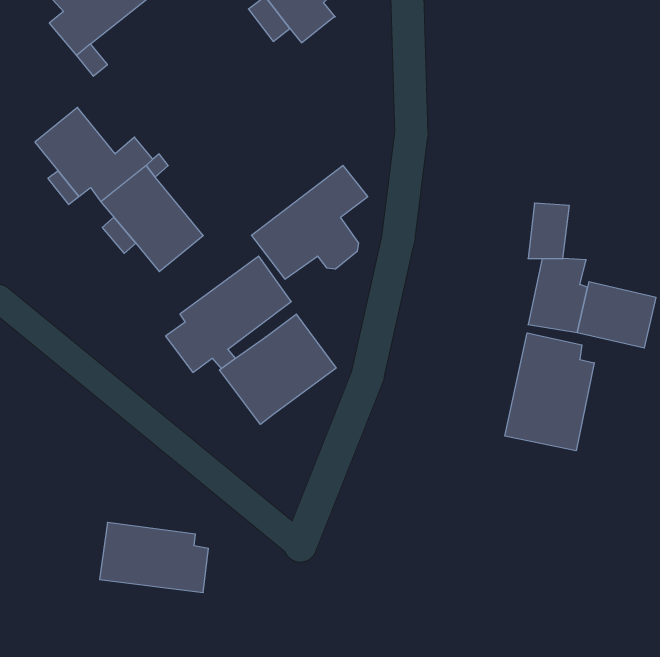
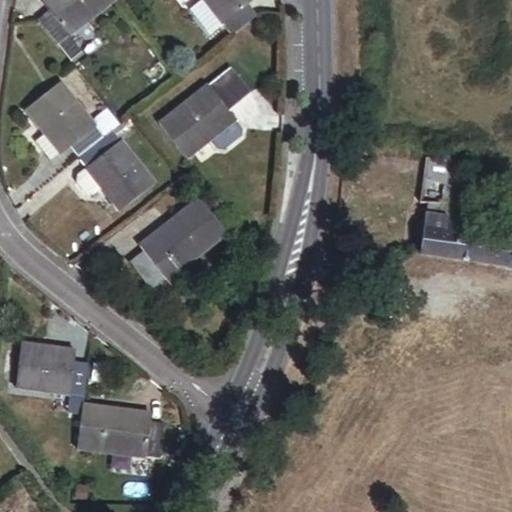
building: [251,166,368,279] -> [160,67,250,155]
building: [219,314,336,424] -> none
building: [505,333,594,451] -> none
building: none -> [15,342,88,394]

